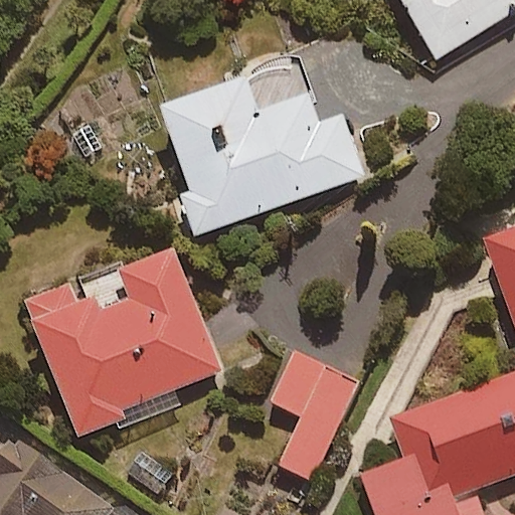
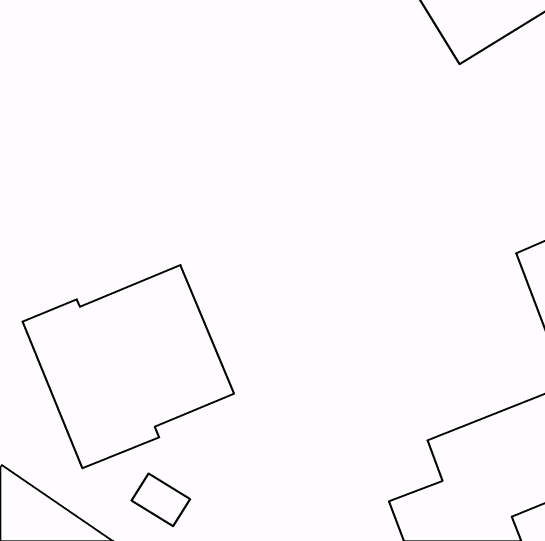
building: [160,63,363,236] -> none
building: [271,350,358,480] -> none

